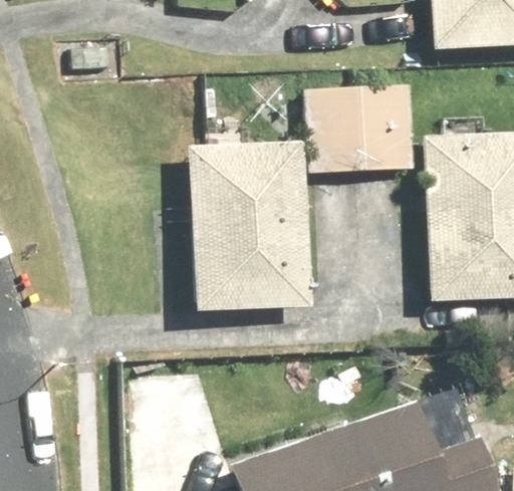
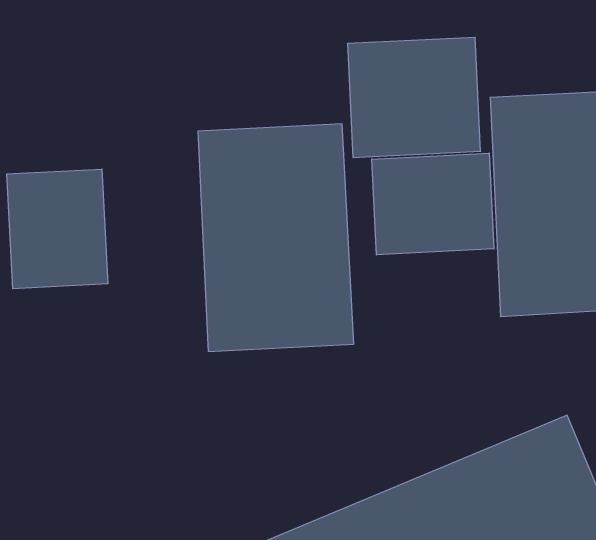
building: none -> [7,169,108,289]
building: none -> [372,153,494,255]

